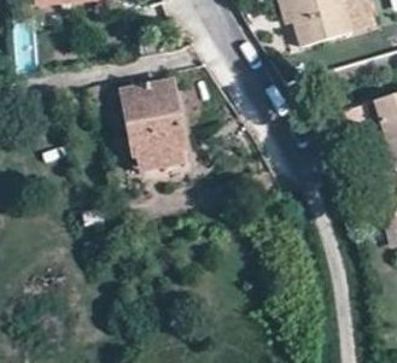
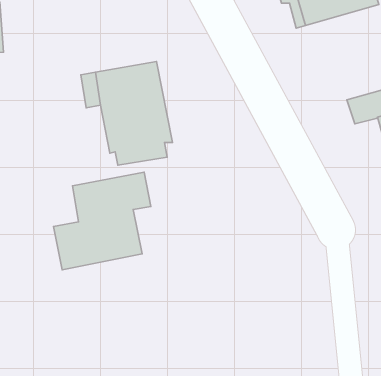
building: none -> [54,172,151,270]

